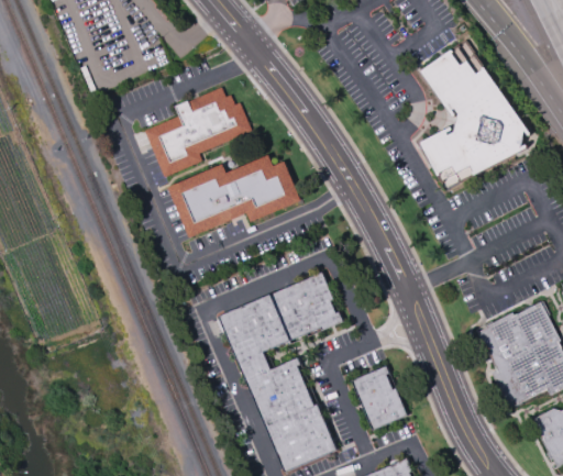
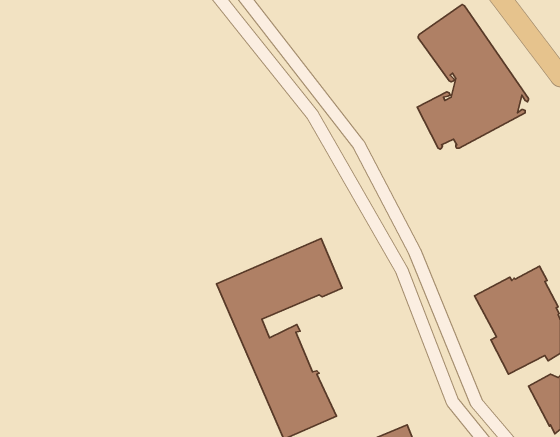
building: [146,88,253,177] -> none
building: [169,155,303,237] -> none
building: [352,366,409,431] -> none

